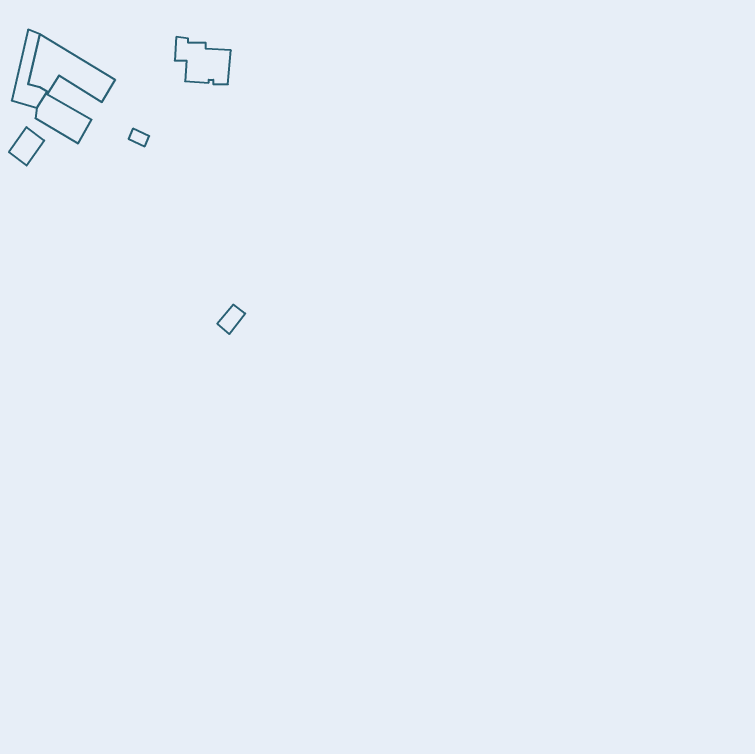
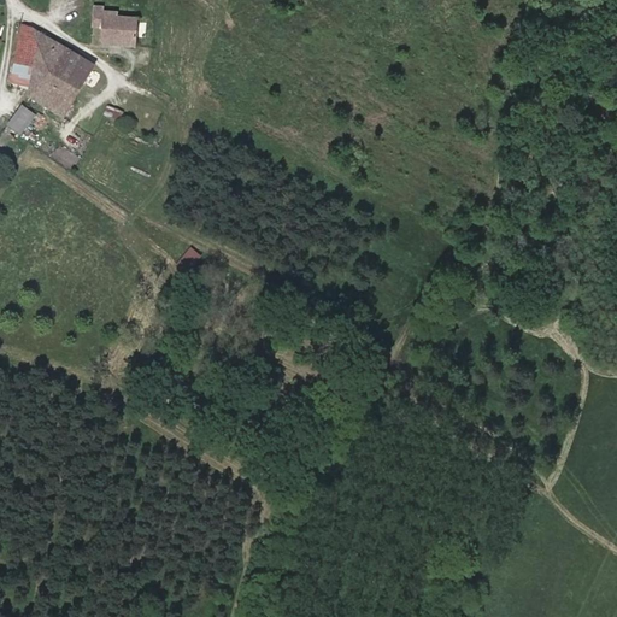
building: [175,37,231,84] -> [92,5,137,43]
building: none -> [39,61,83,98]

